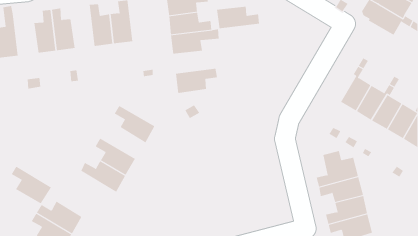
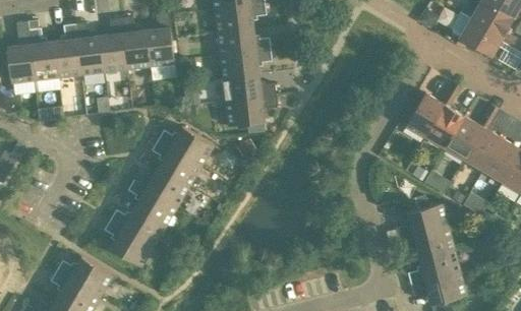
building: none -> [99,18,126,71]
building: [216,6,260,29] -> [222,74,275,102]
building: none -> [28,28,58,80]
building: none -> [404,92,444,136]
building: none -> [157,126,213,166]
building: none -> [133,167,189,205]
building: [11,166,52,204] -> [104,220,154,266]

